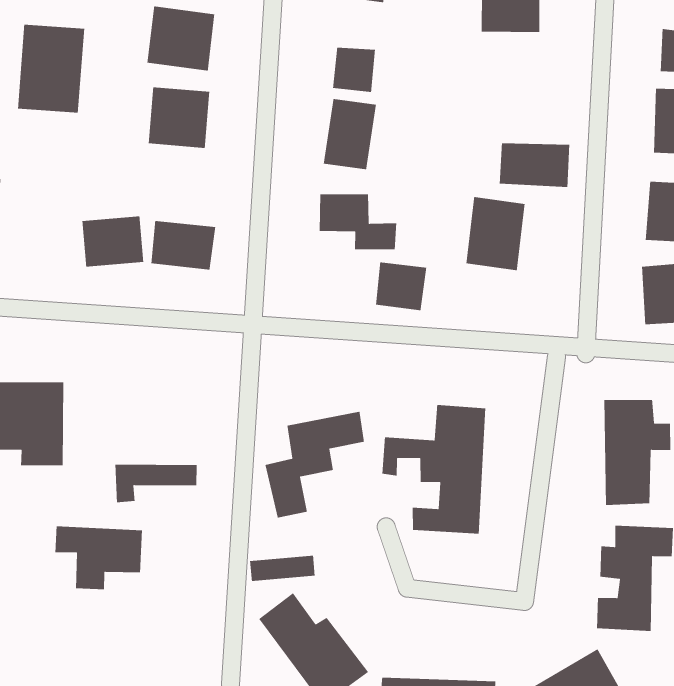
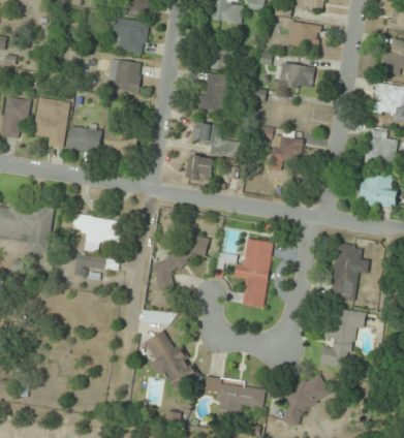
building: [17,24,85,114] -> [31,97,70,147]
building: [499,142,570,188] -> [275,62,314,89]
building: [375,262,427,311] -> [186,154,215,182]
building: [54,526,143,590] -> [73,215,121,251]

